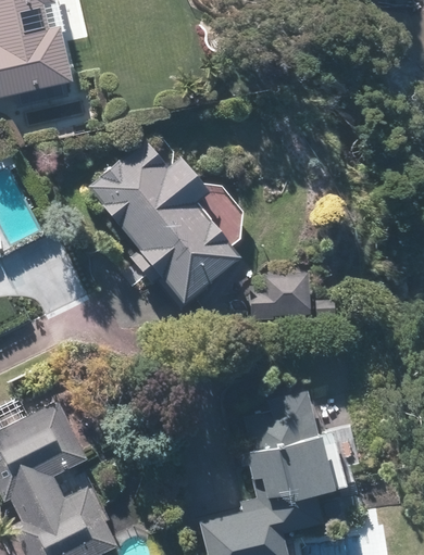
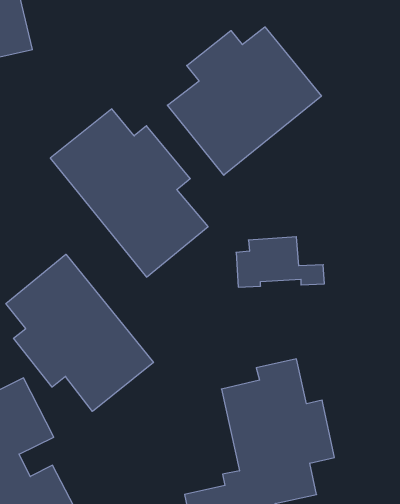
building: none -> [167,27,321,175]
building: none -> [6,254,153,411]

